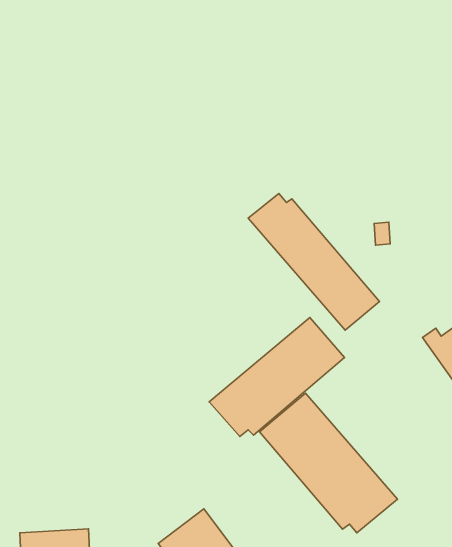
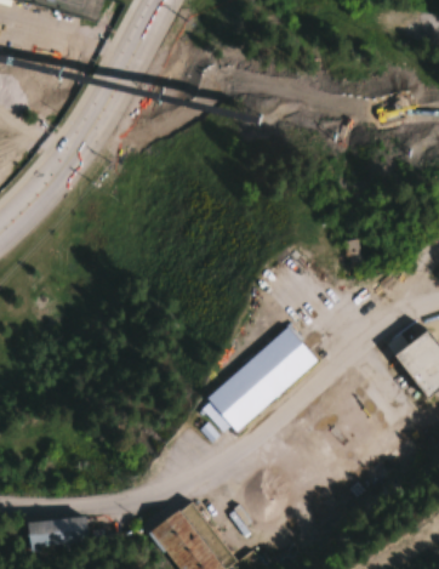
building: [248,194,379,330] -> none
building: [259,393,398,533] -> none

